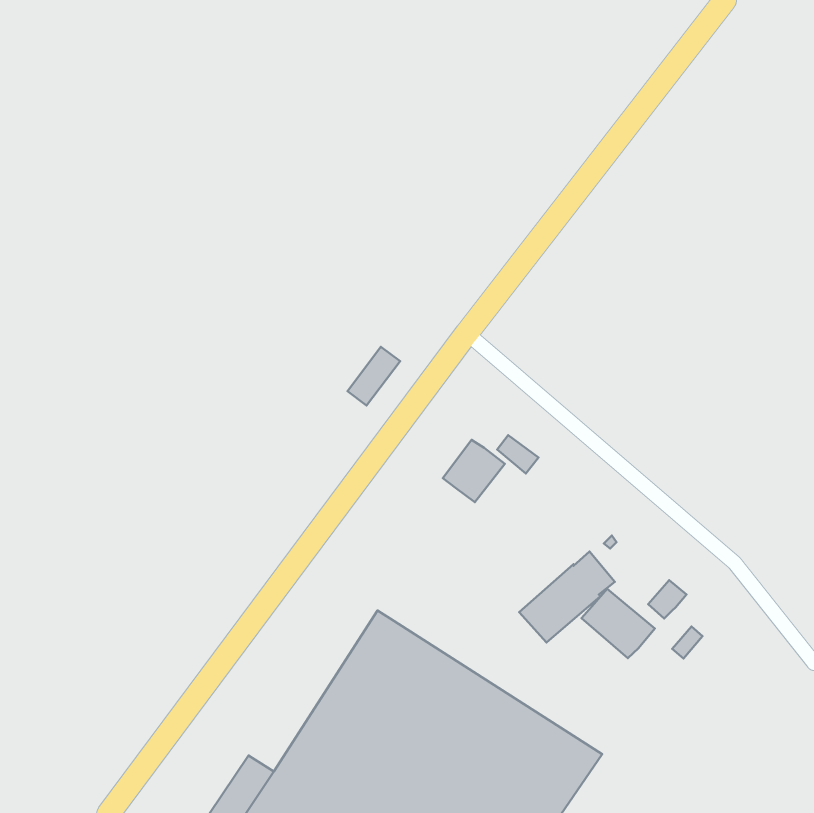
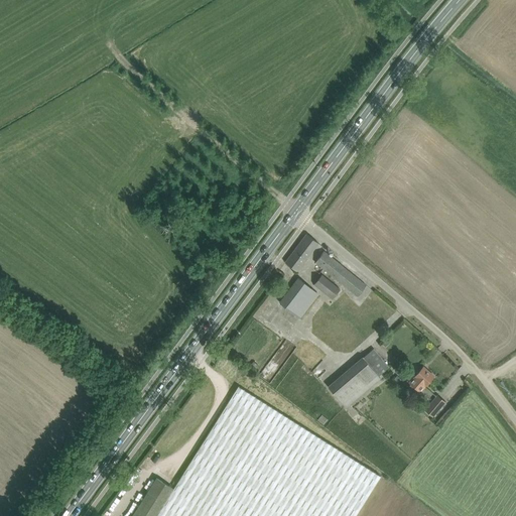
building: [348,347,400,406] -> [285,235,318,272]
building: none -> [315,252,367,297]
building: [581,589,655,658] -> none

